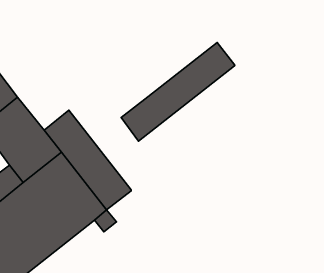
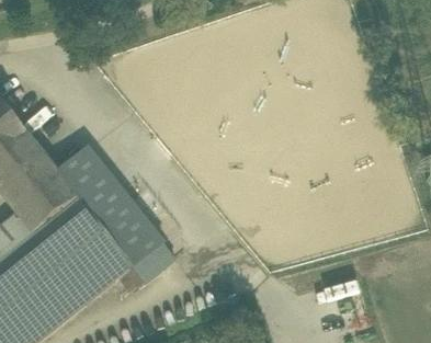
building: [121,43,235,141] -> none
building: none -> [132,243,174,284]

